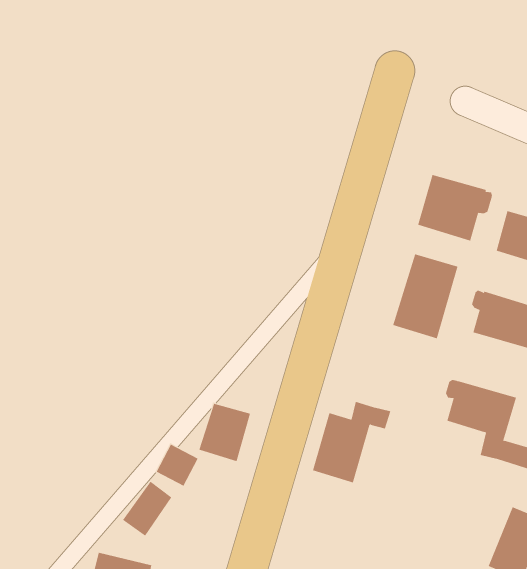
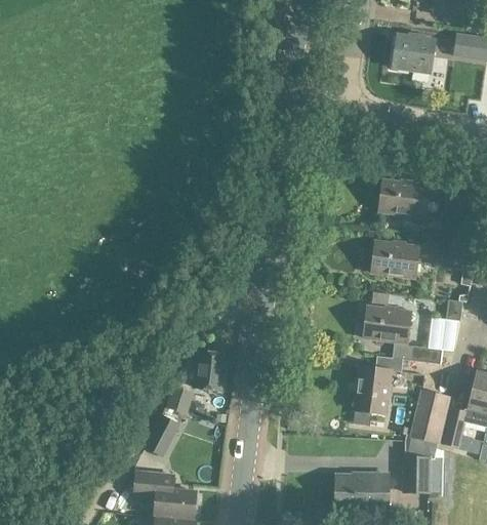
building: [418,174,492,242] -> none
building: [392,253,458,339] -> none
building: [312,401,391,483] -> [356,356,405,414]

